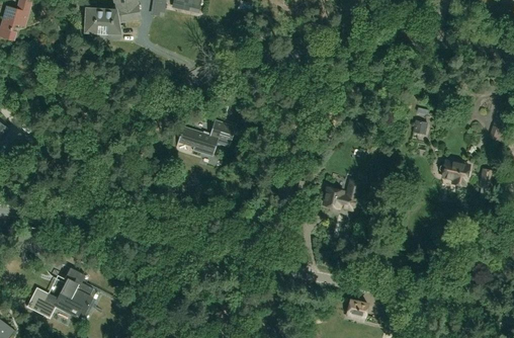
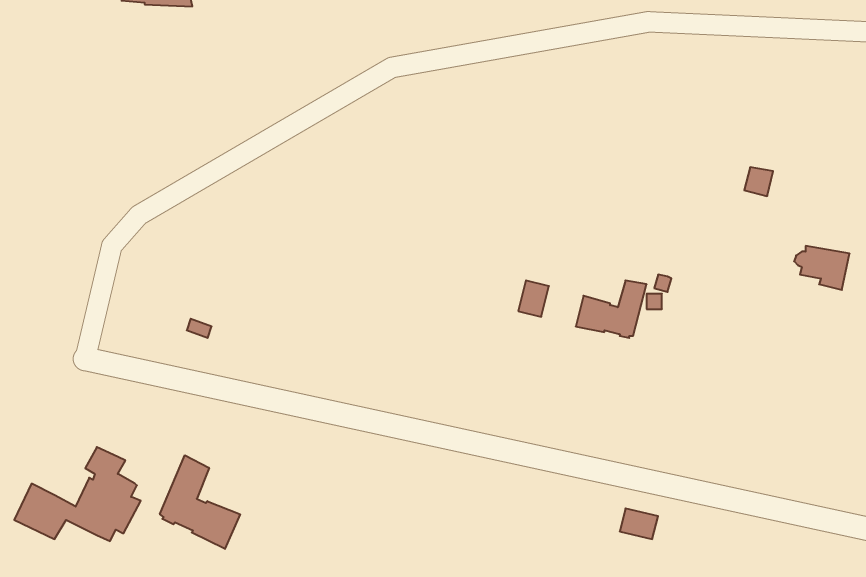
building: [178,120,235,157] -> none
building: none -> [160,455,240,549]

